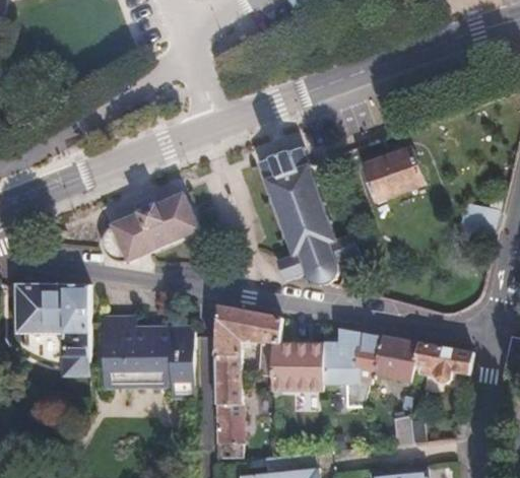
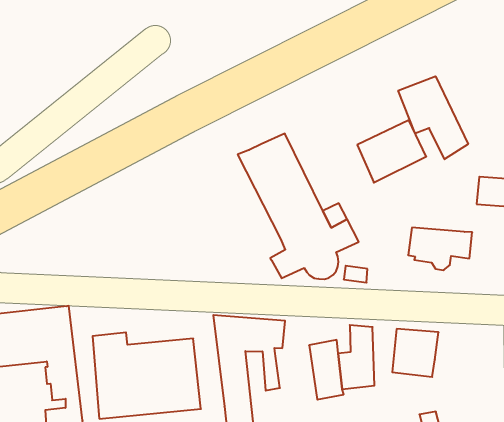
building: none -> [398,76,468,159]
building: [99,192,199,263] -> none
building: [354,332,380,385] -> none
building: [268,342,302,393] -> none
building: [411,343,471,385] -> [408,228,472,270]

